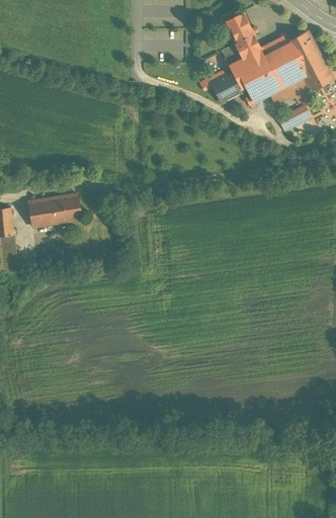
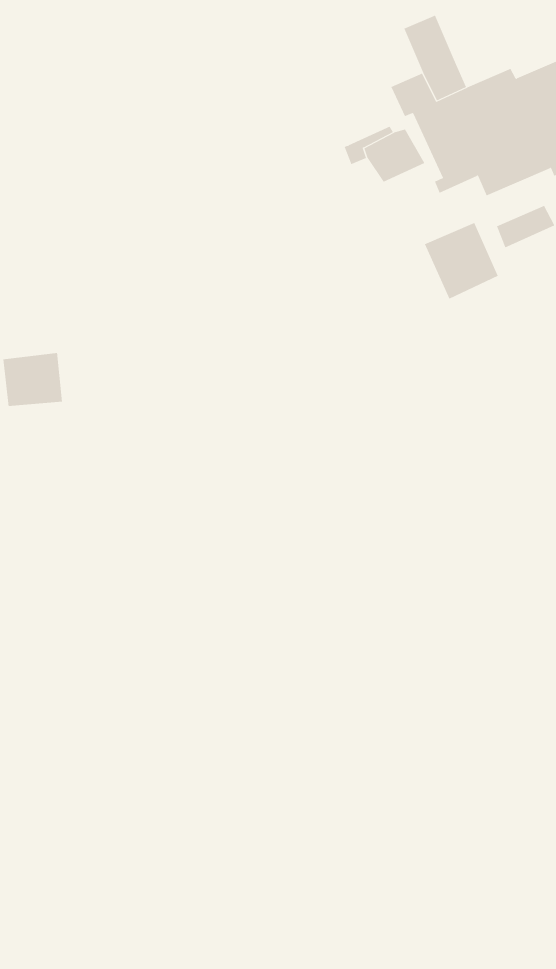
building: none -> [424,222,499,300]
building: [58,194,82,223] -> none

